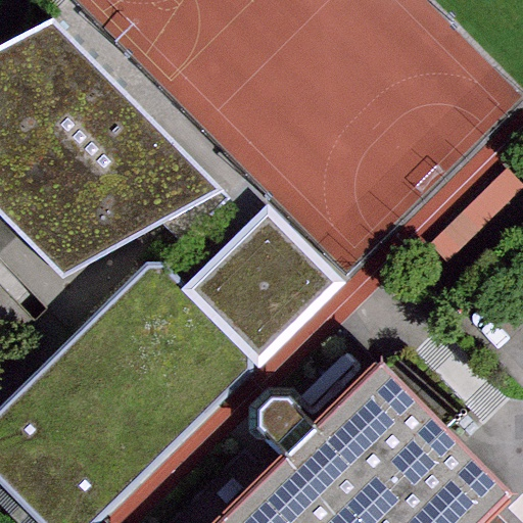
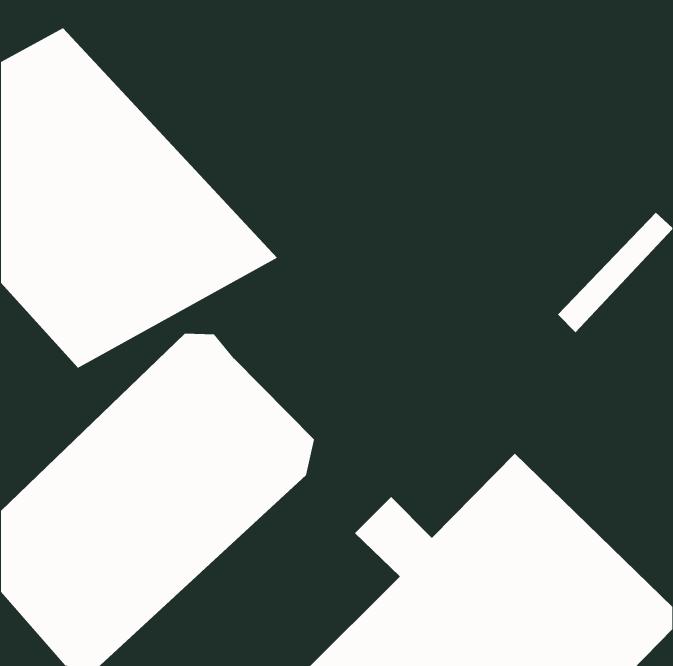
building: [182,203,340,362] -> none

